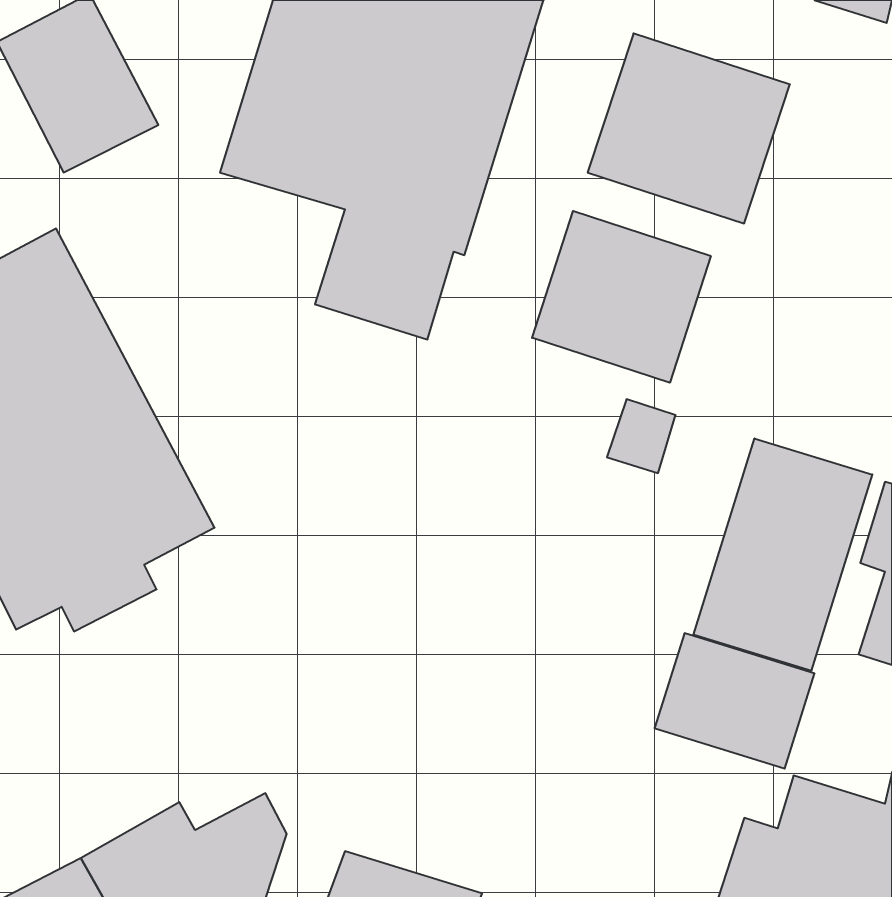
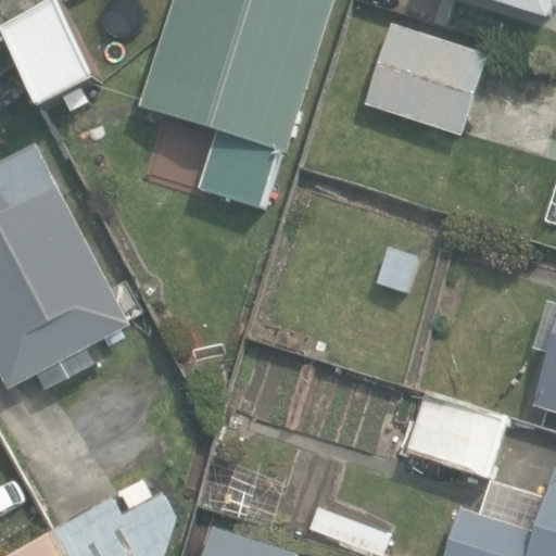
building: [532,211,711,383] -> none
building: [694,438,872,671] -> none

